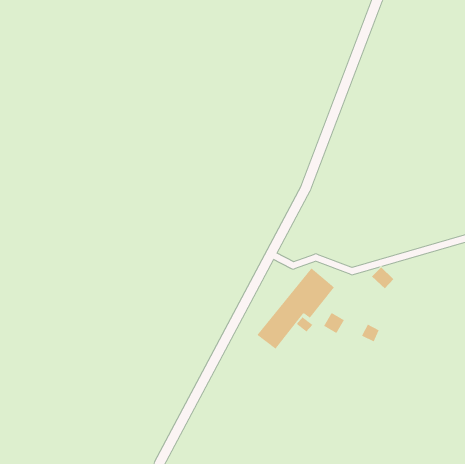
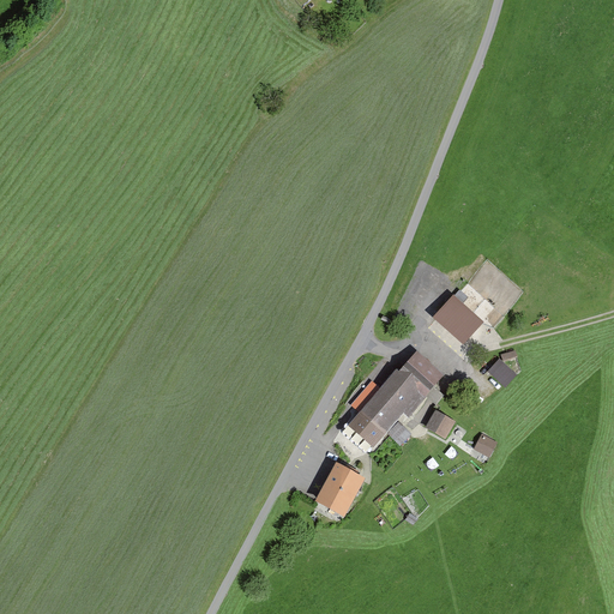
building: none -> [434,288,488,341]
building: none -> [313,465,362,517]

